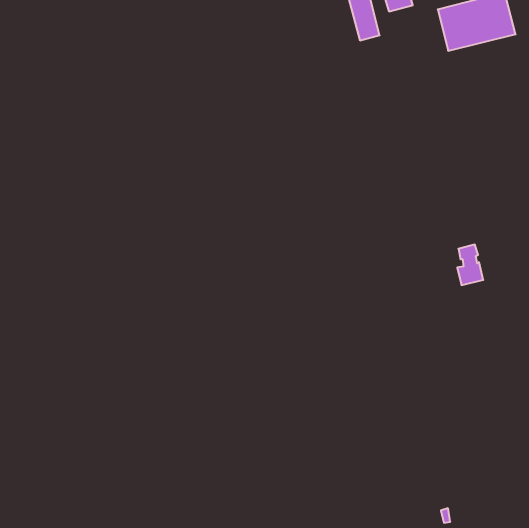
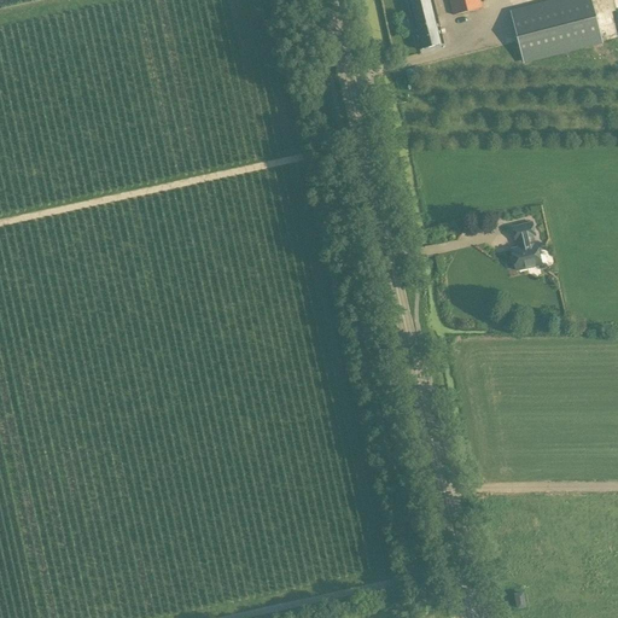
building: [457,245,483,285] -> [509,221,540,268]

